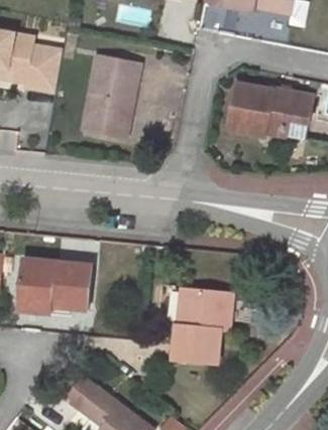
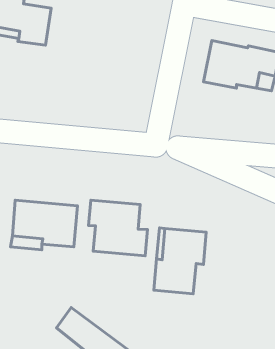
building: [85,57,139,136] -> none
building: none -> [89,200,147,256]

